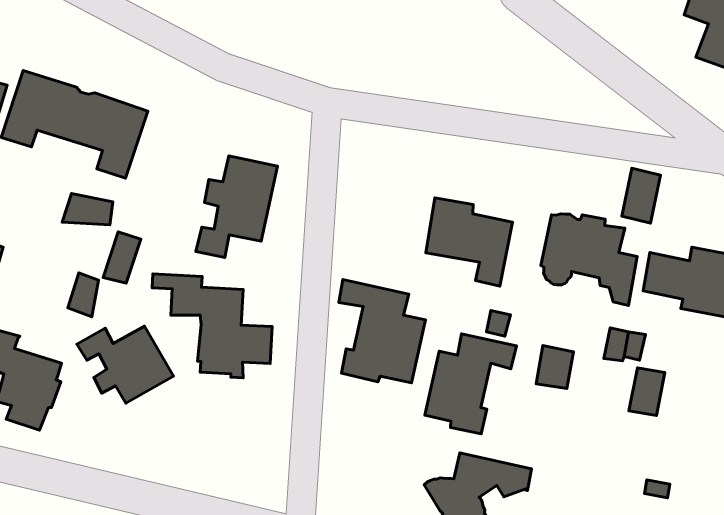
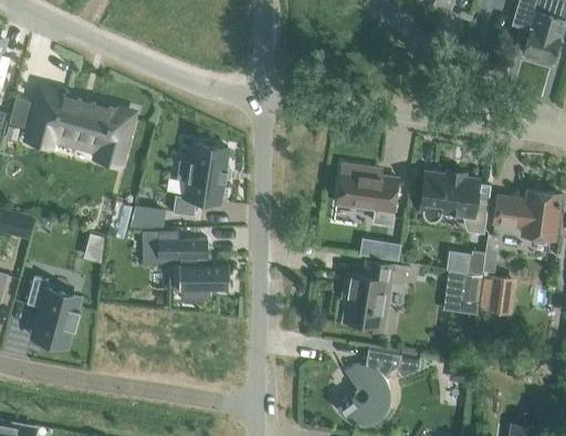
building: [622,168,660,223] -> none
building: [62,193,113,225] -> [128,206,164,227]
building: [339,280,425,383] -> none
building: [77,326,173,403] -> none
building: [536,345,573,389] -> [455,276,481,305]

